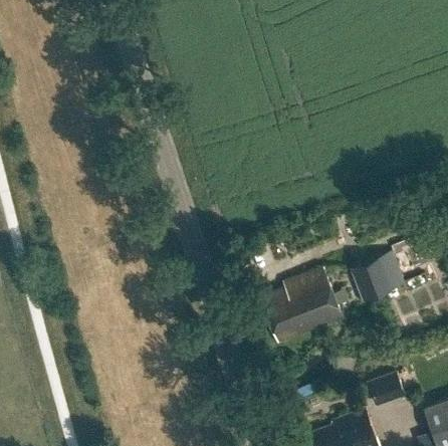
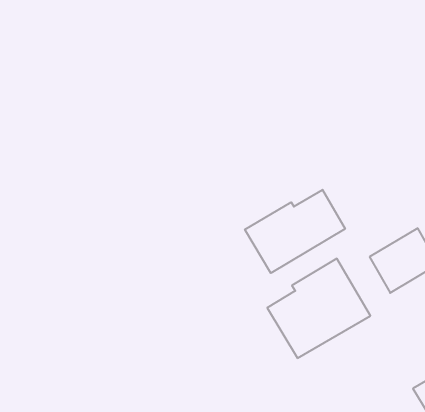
building: none -> [245,190,345,273]

